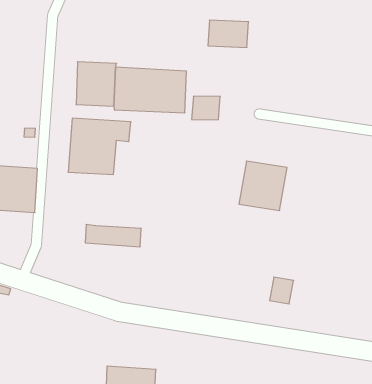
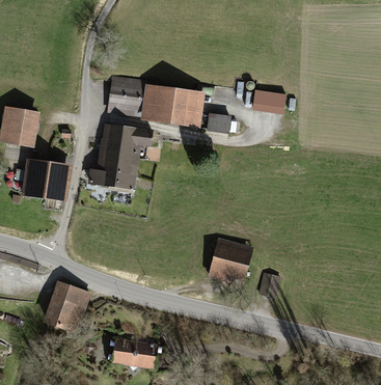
building: [208,20,249,47] -> [250,89,287,115]
building: [239,161,287,211] -> [209,239,252,283]
building: [85,224,141,247] -> [85,167,134,190]
building: none -> [46,281,88,325]

